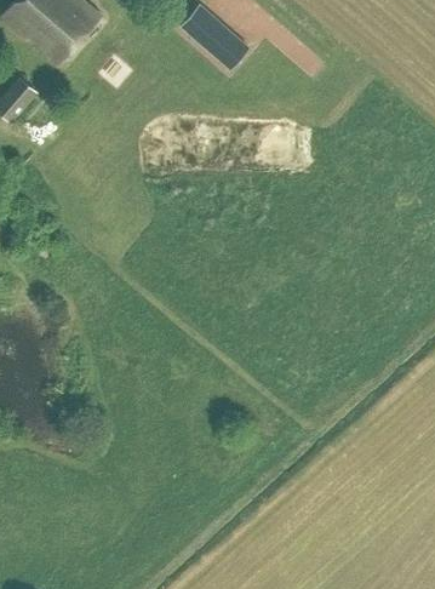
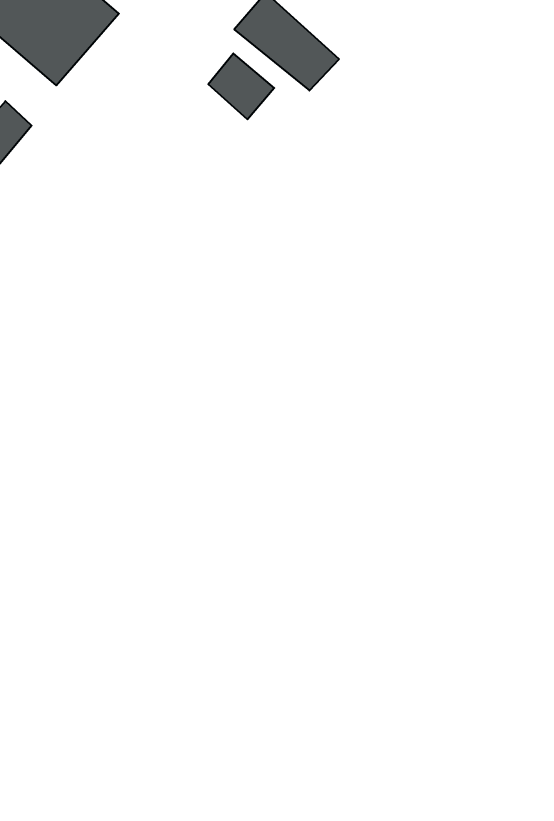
building: none -> [208,53,274,119]

